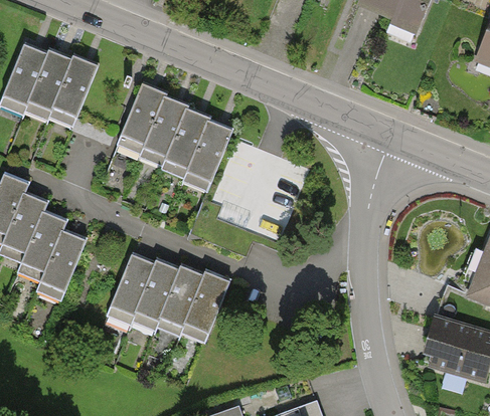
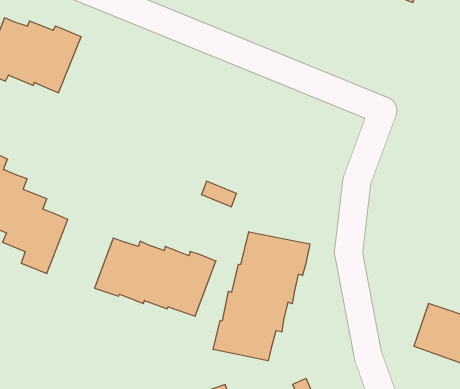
building: [120,85,230,182] -> none
building: none -> [213,232,310,361]

